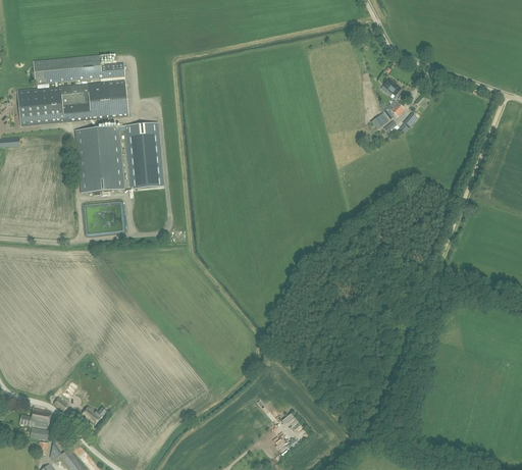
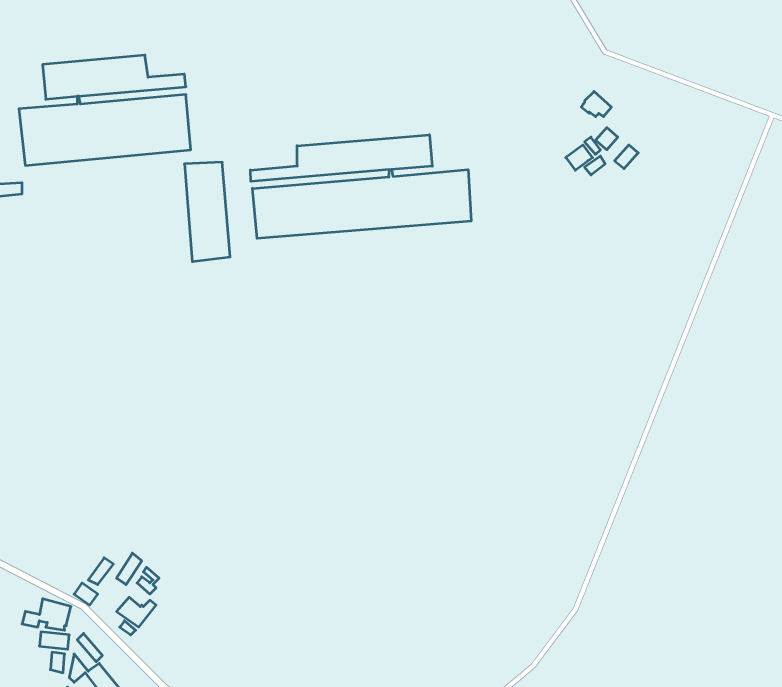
building: none -> [250,135,471,238]
building: [75,125,124,192] -> none

